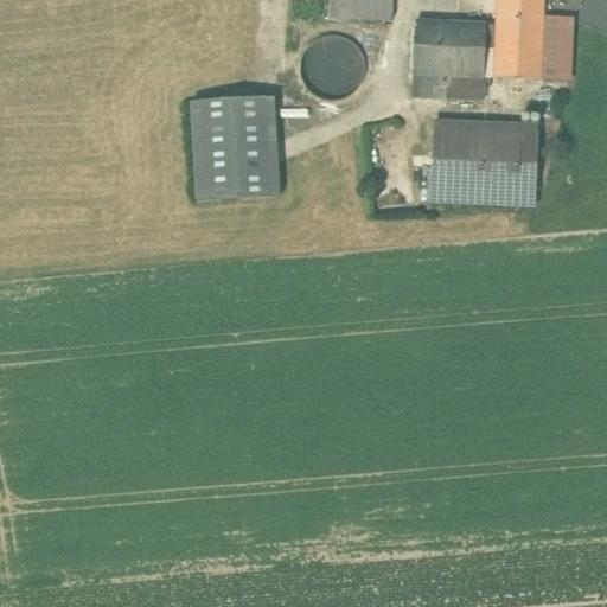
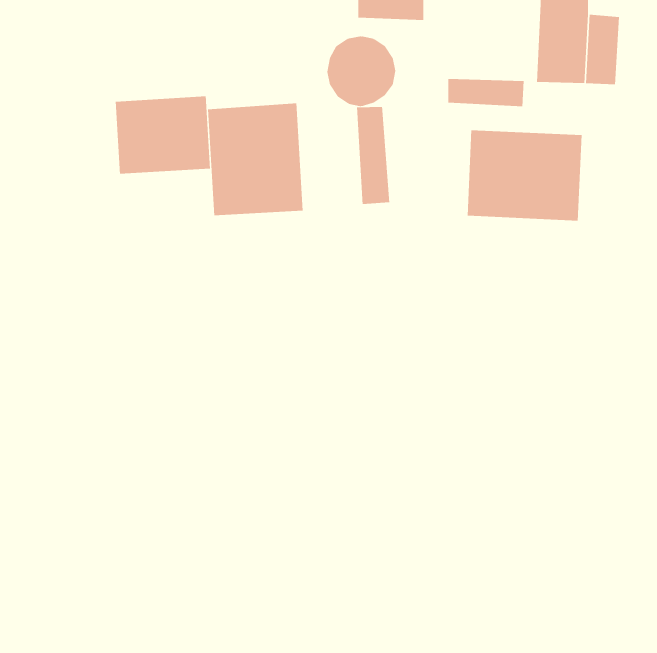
building: [413,20,486,75] -> none
building: none -> [115,96,210,175]
building: none -> [356,106,390,205]

